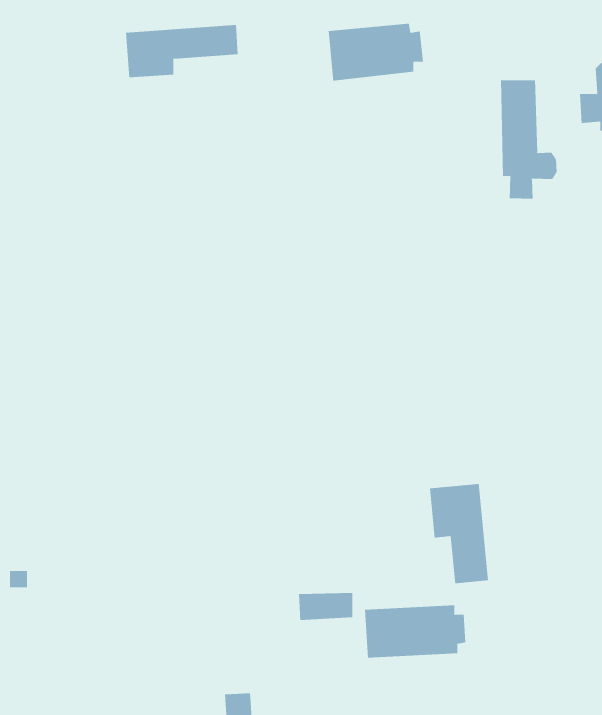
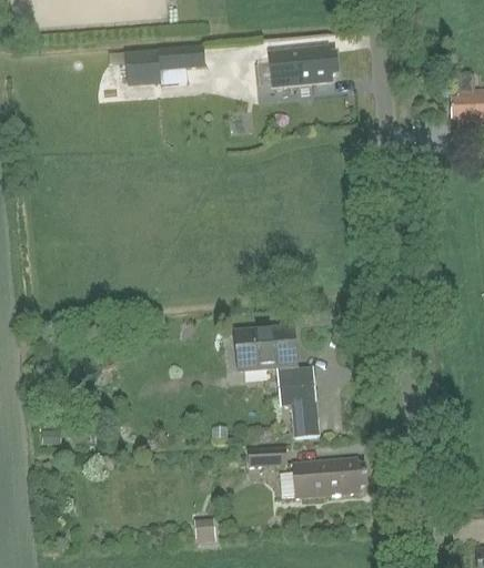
building: [500,79,557,200] -> none
building: none -> [236,328,290,369]
building: [429,483,489,584] -> [278,368,320,439]

